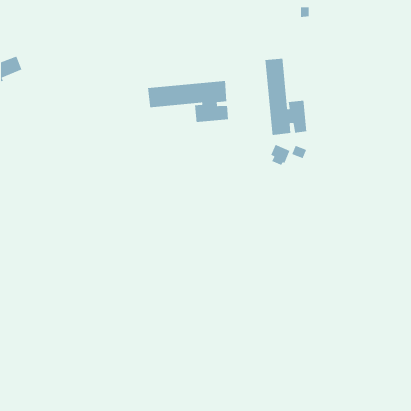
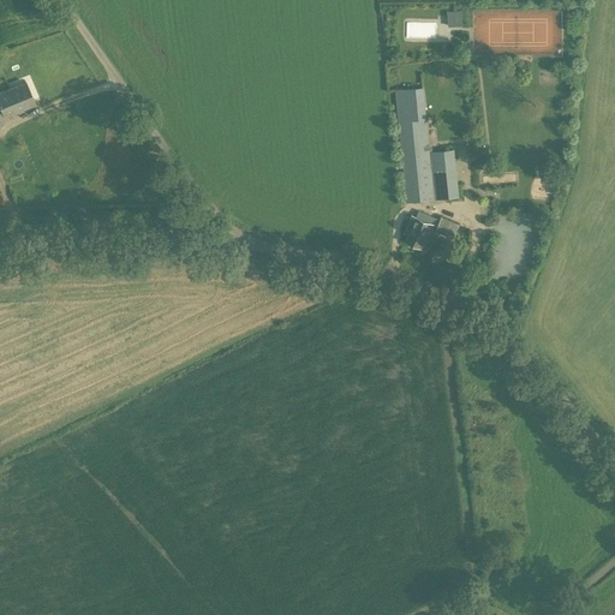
building: [147,80,229,123] -> none

